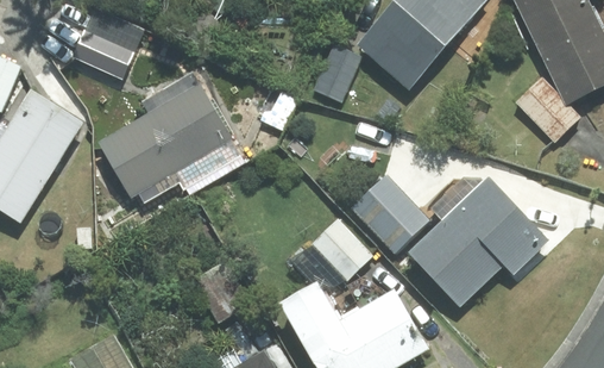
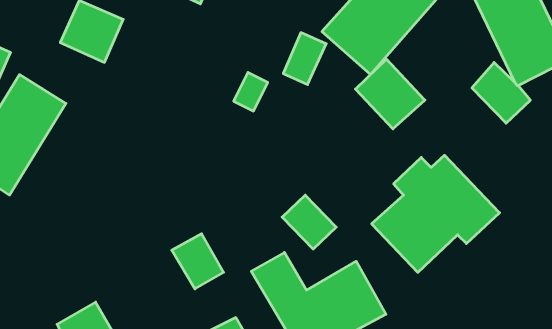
building: [99,71,241,202] -> none
building: [353,176,428,251] -> [355,59,425,129]

